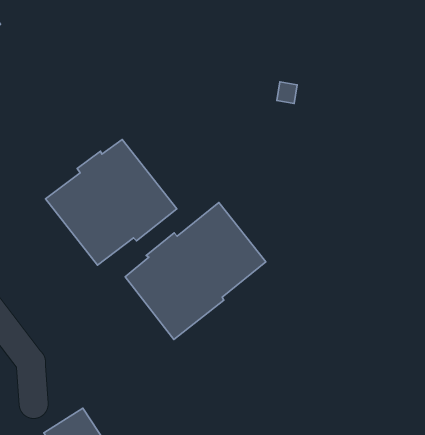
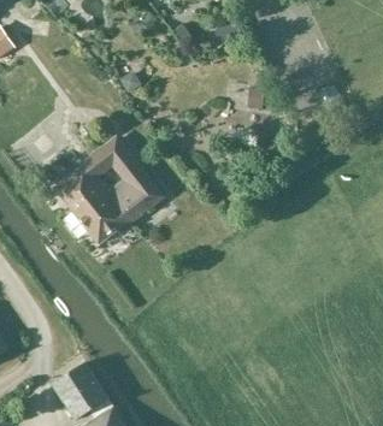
building: [125,203,266,340] -> none

